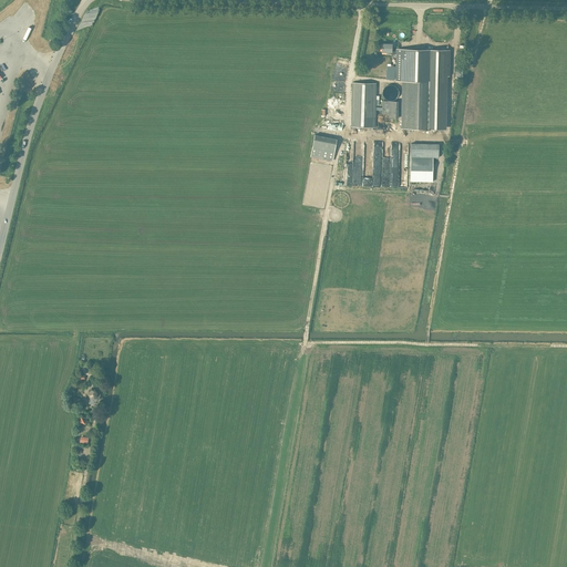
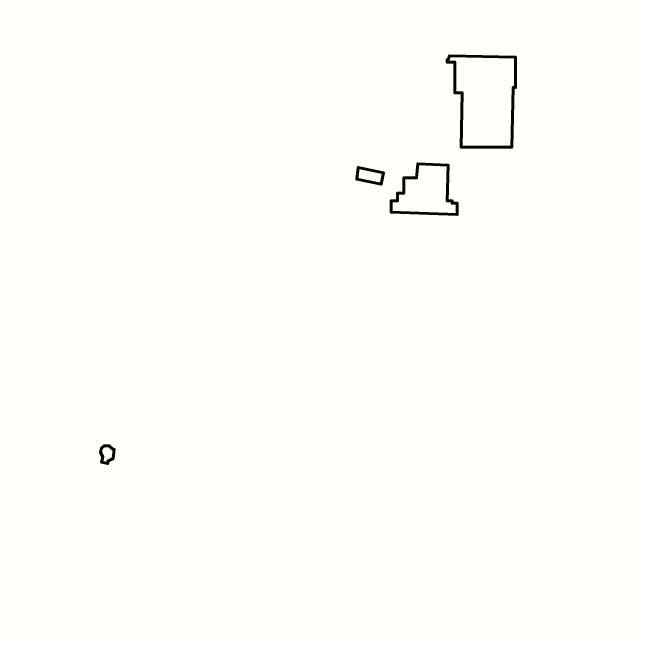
building: [351,83,375,127] -> none
building: [411,144,439,171] -> none

